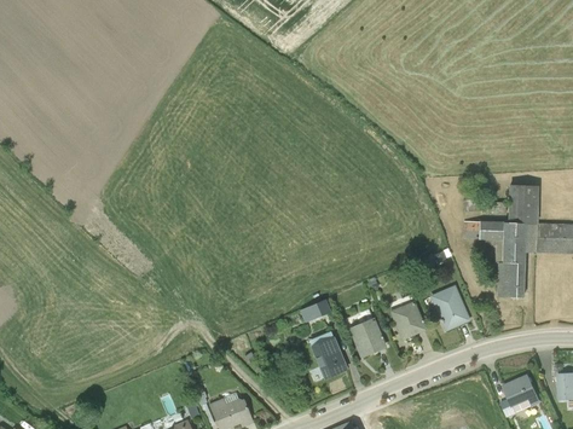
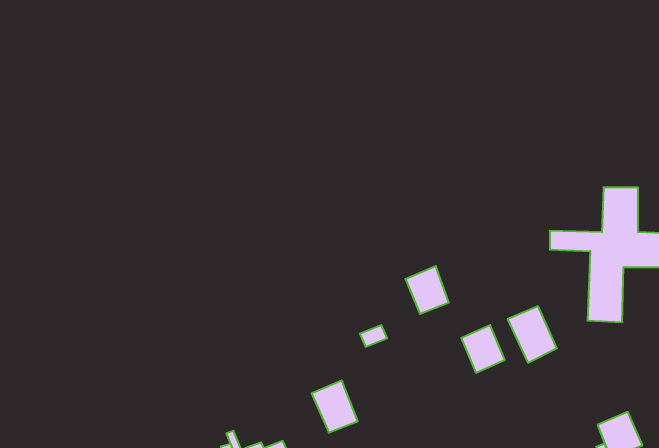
building: [348,317,384,356] -> [405,266,449,314]
building: [309,335,348,378] -> [311,380,358,433]

